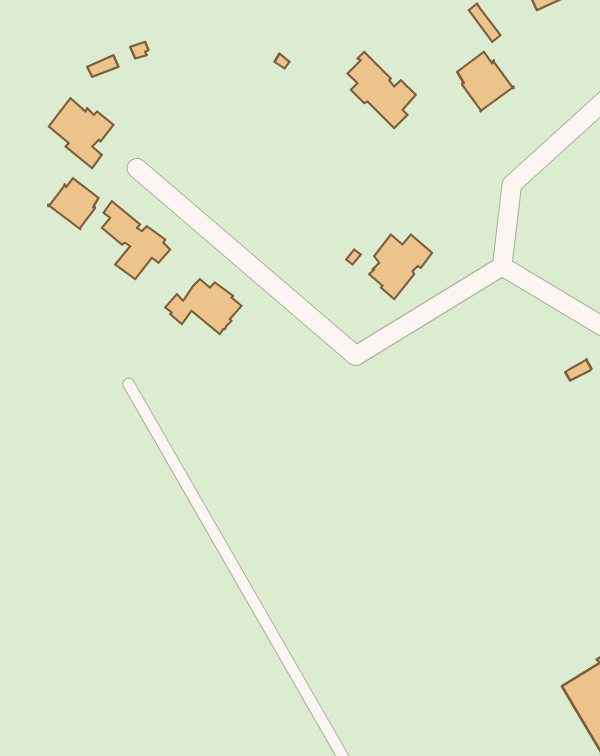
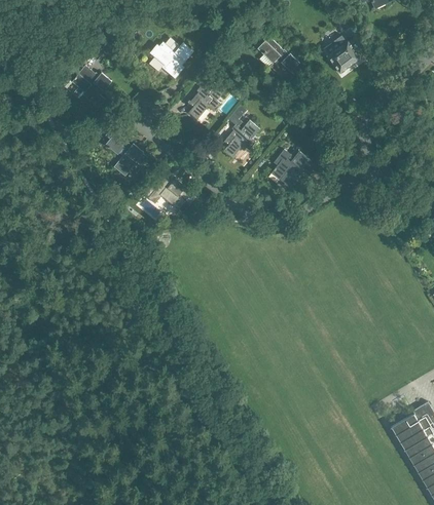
building: none -> [151,41,194,78]
building: none -> [188,81,225,119]
building: none -> [223,104,260,157]
building: [48,178,98,229] -> none

